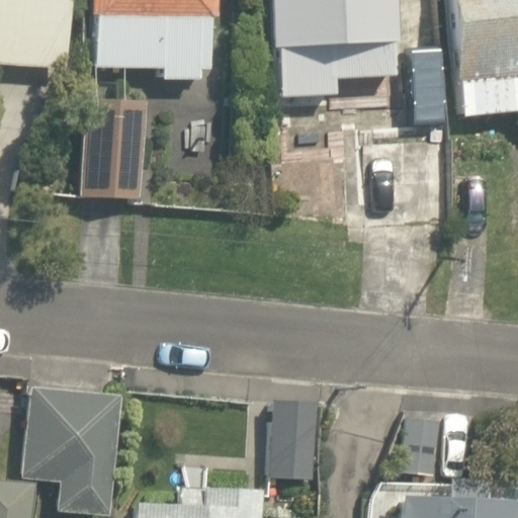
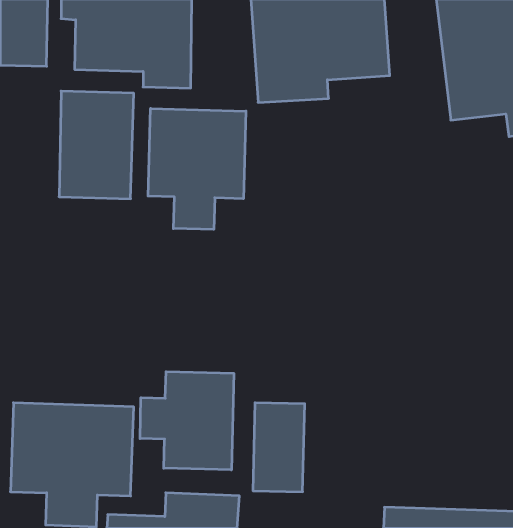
building: none -> [148,108,246,229]
building: none -> [140,372,234,470]

